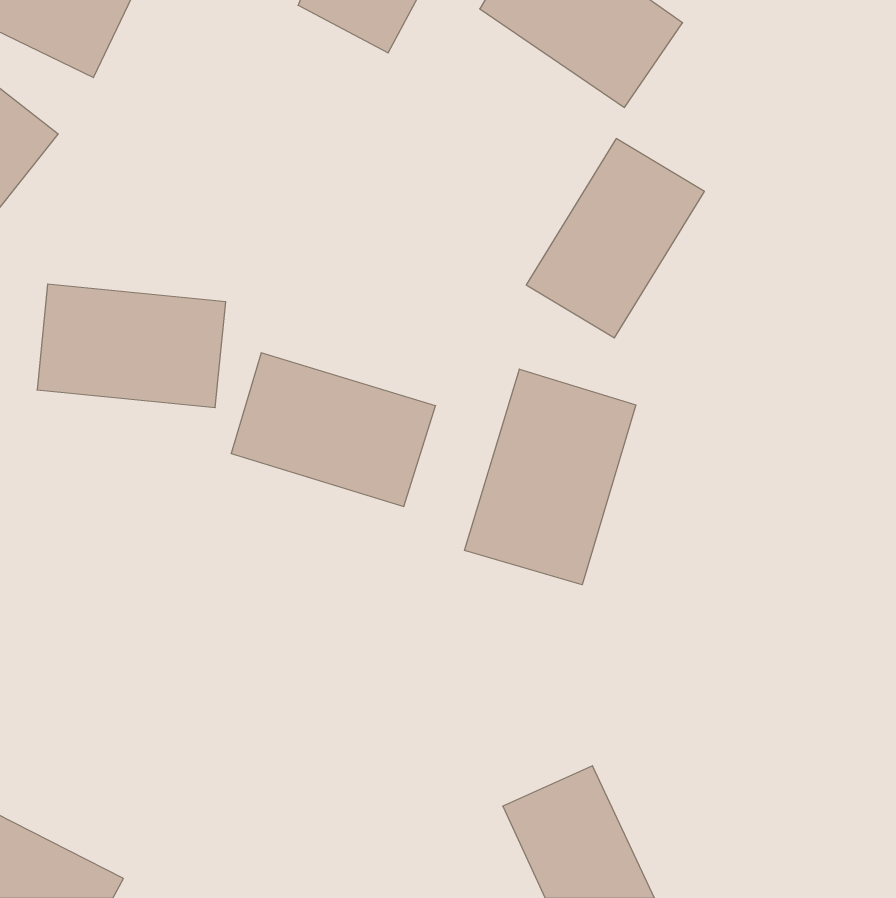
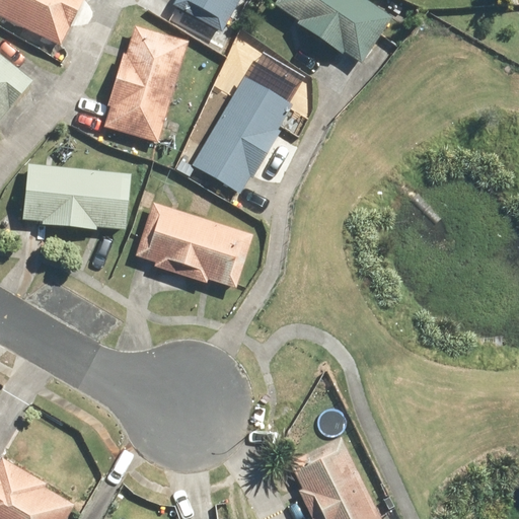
building: none -> [102,27,186,142]
building: [526,139,704,338] -> [192,77,294,192]
building: [464,369,636,585] -> none

